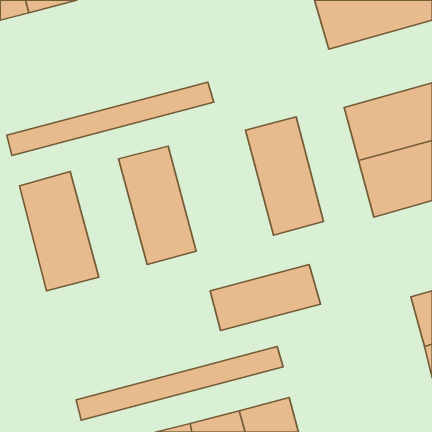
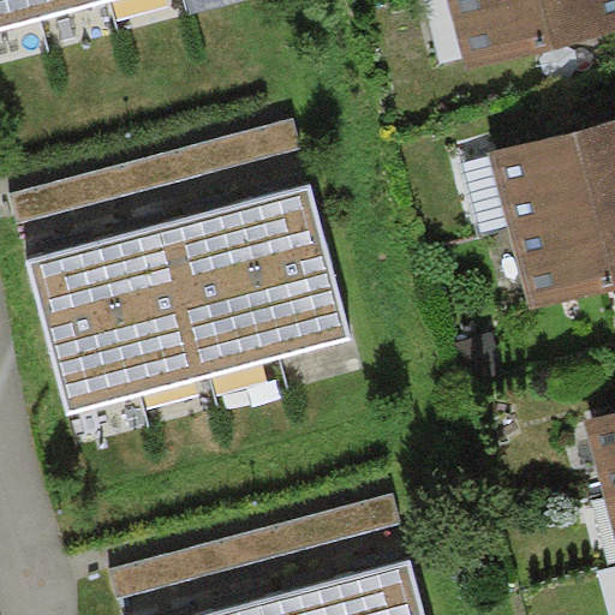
building: [246,117,323,235] -> [239,189,350,357]
building: none -> [100,226,209,394]
building: [210,264,320,330] -> none

